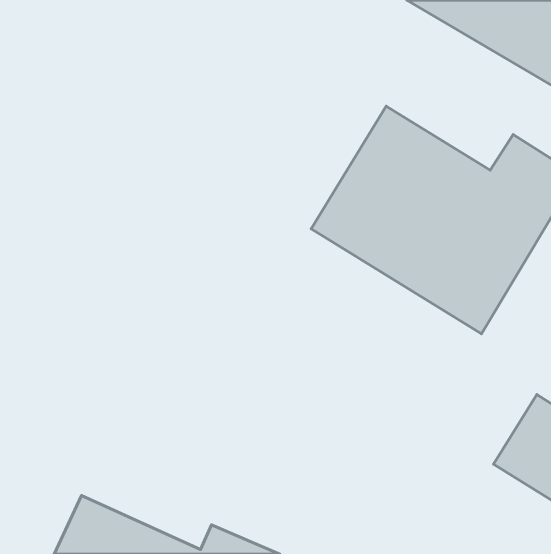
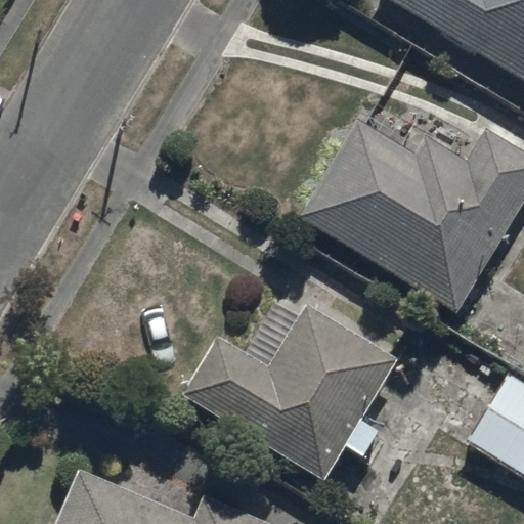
building: none -> [181,303,397,479]

